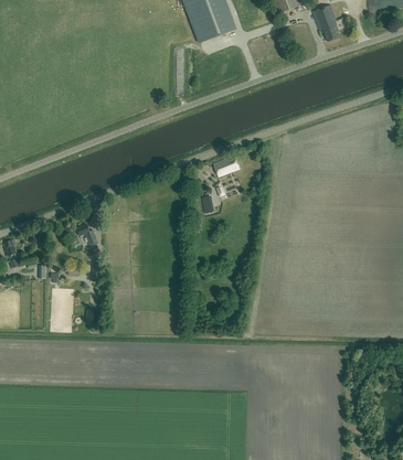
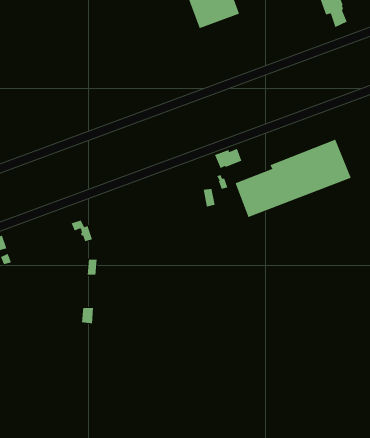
building: none -> [235,139,352,218]

